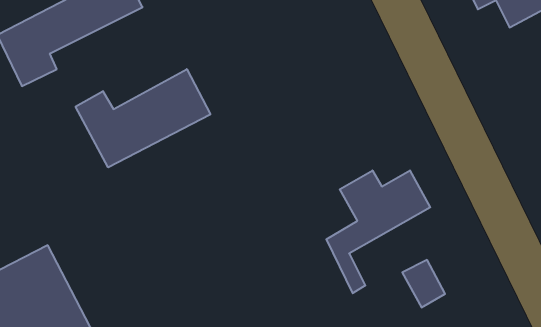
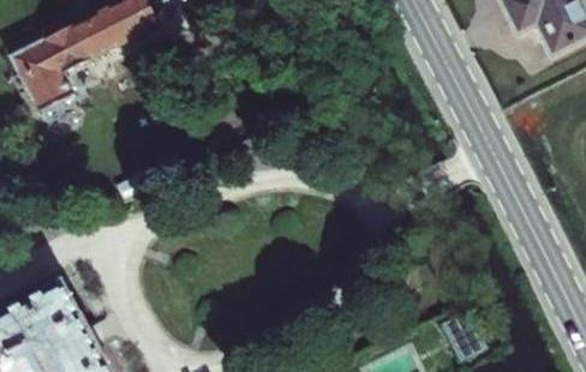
building: [76,69,210,167] -> none
building: [326,170,430,293] -> none

